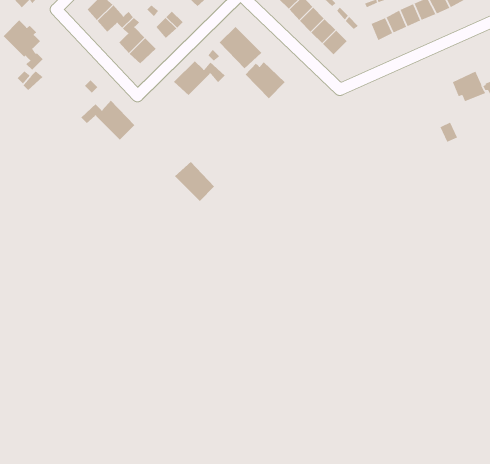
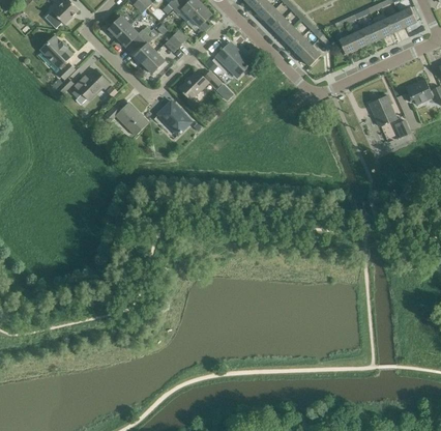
building: none -> [70,70,109,104]
building: [245,62,286,99] -> none
building: none -> [369,95,395,125]
building: [174,161,215,202] -> [156,102,189,135]

